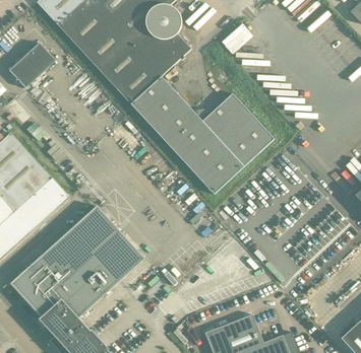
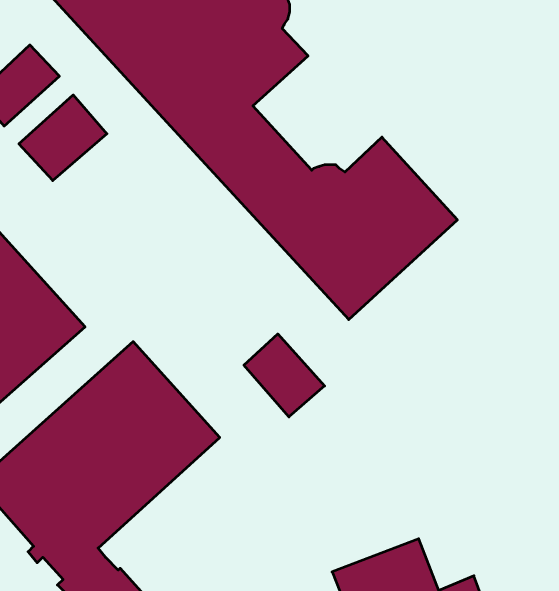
building: none -> [19,95,107,181]
building: none -> [244,334,325,417]

